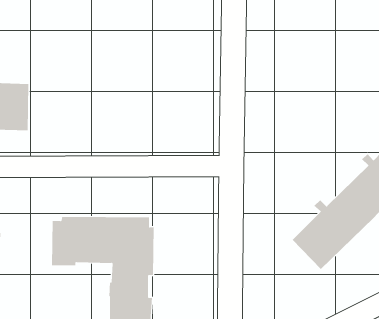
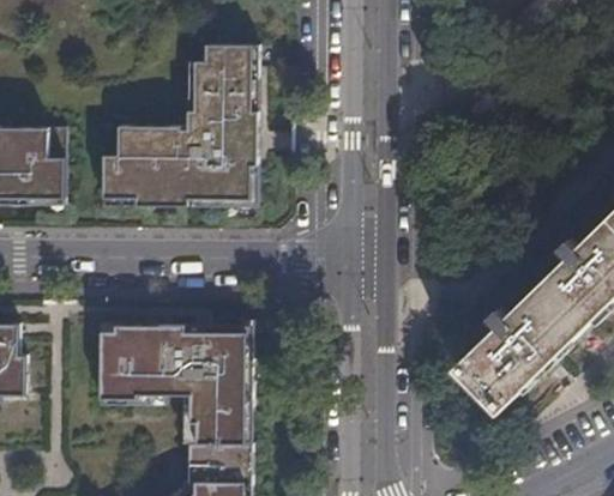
building: none -> [104,50,258,212]

